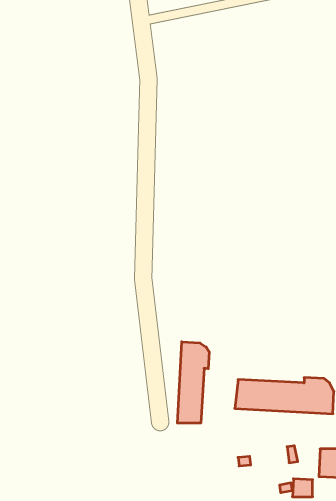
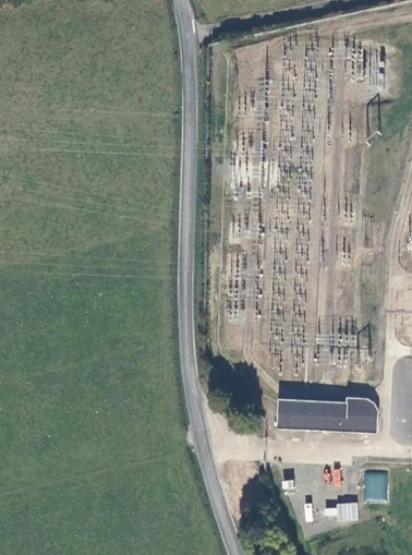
building: [177,342,209,423] -> none

